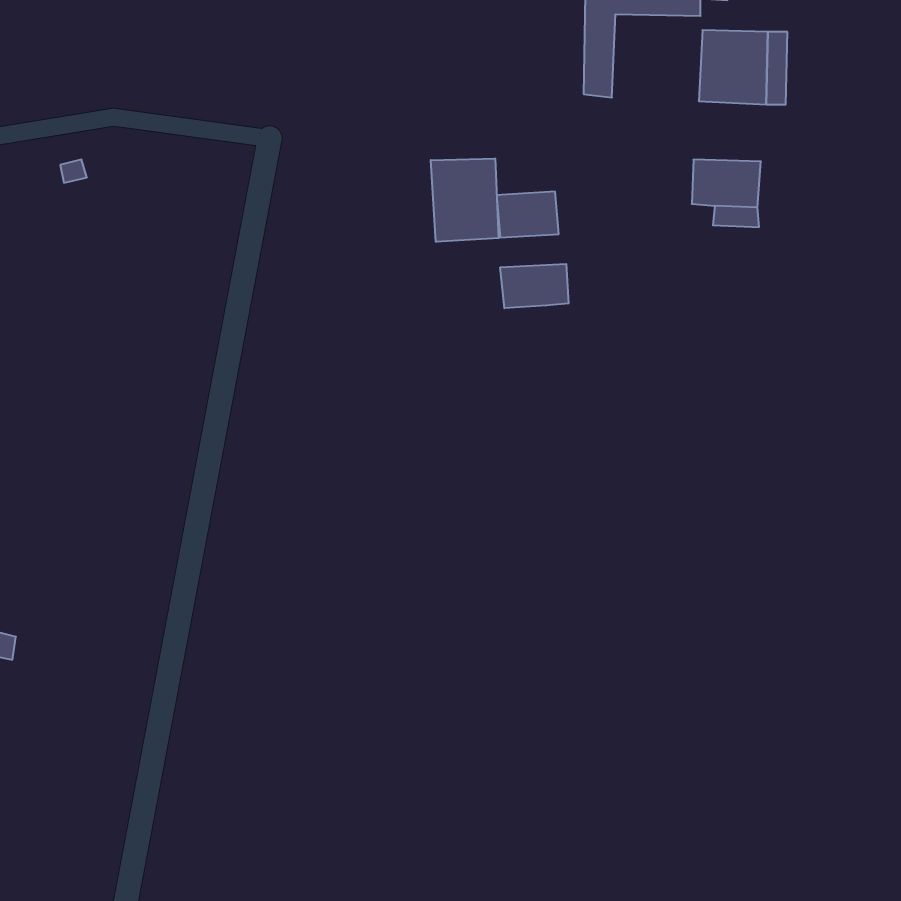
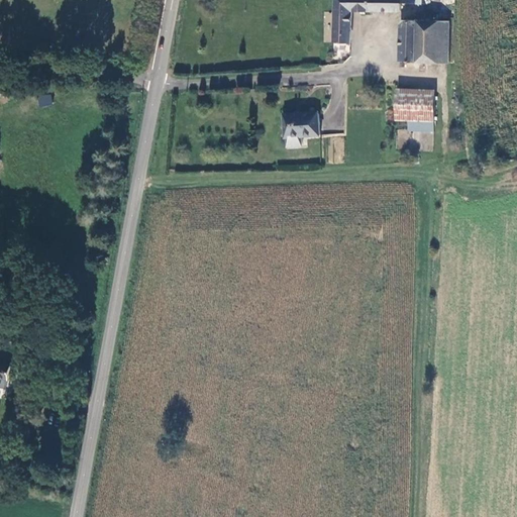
building: [431,158,499,242] -> none
building: [500,264,569,308] -> none

